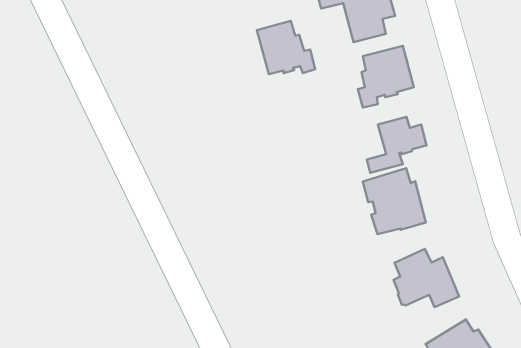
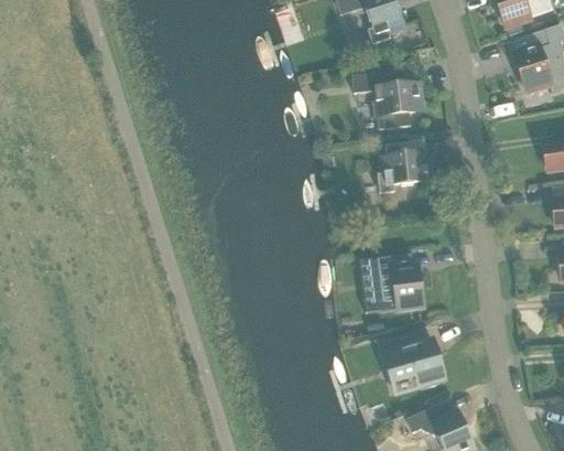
building: [257,21,315,74] -> none
building: [367,117,427,173] -> none

